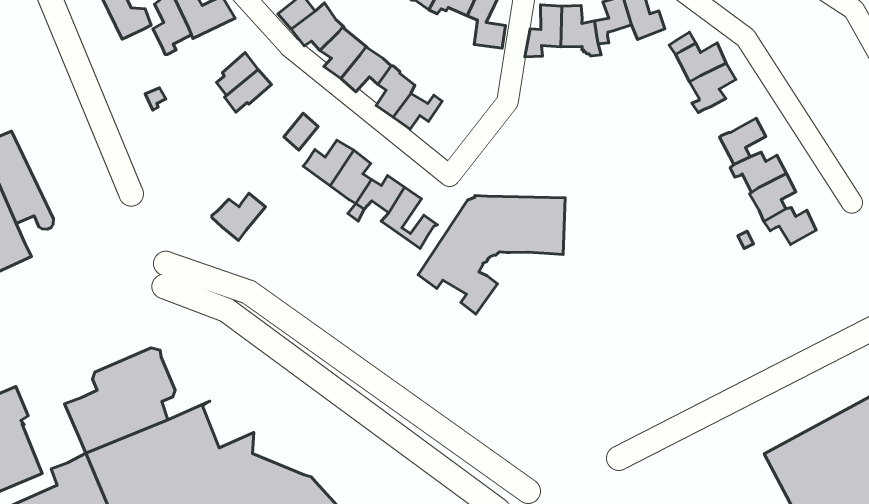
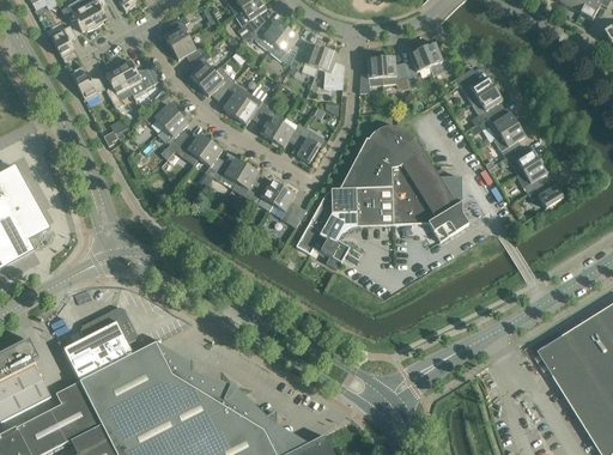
building: none -> [478,110,517,141]
building: none -> [296,127,323,163]
building: none -> [339,126,468,242]
building: [212,193,266,240] -> [175,133,211,165]

